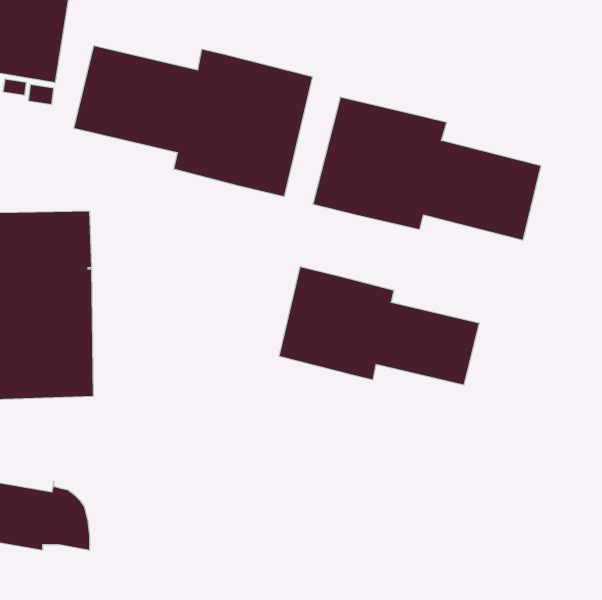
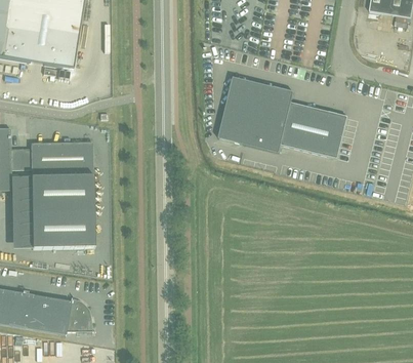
building: [74,46,312,197] -> none
building: [279,267,479,385] -> none

